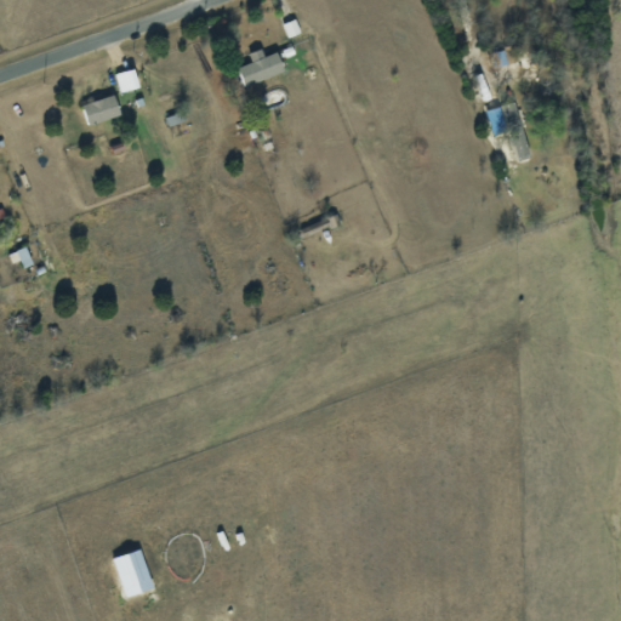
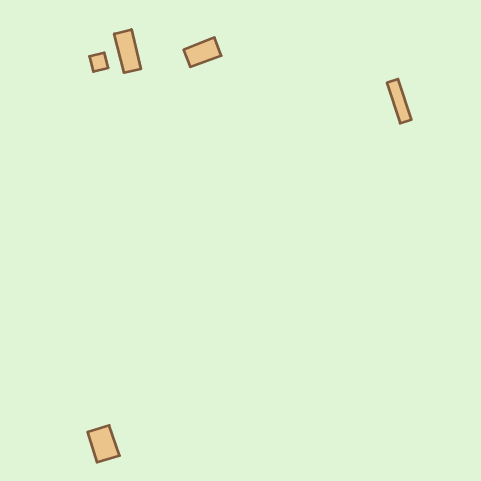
building: none -> [114,29,141,73]
building: [81,95,120,125] -> none

